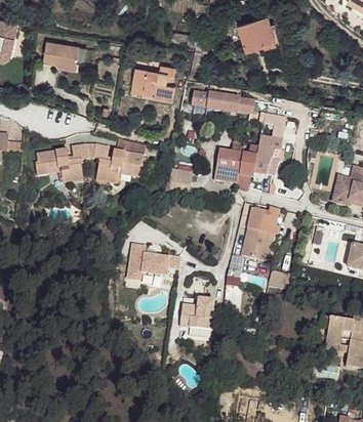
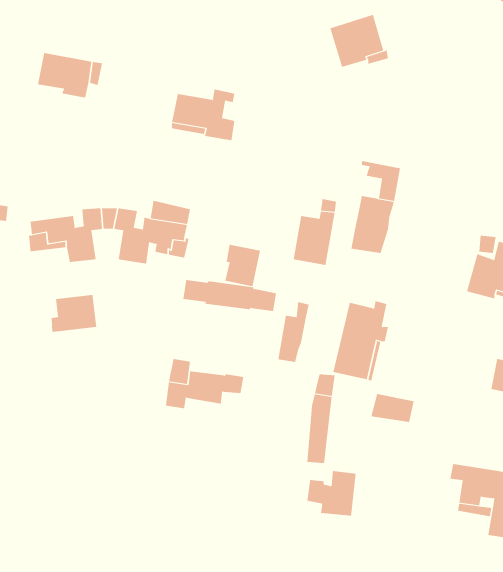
building: [192,91,255,113] -> [183,279,277,311]
building: [237,143,258,184] -> [278,302,310,362]
building: none -> [51,294,97,333]
building: [180,297,214,328] -> [306,470,357,516]

